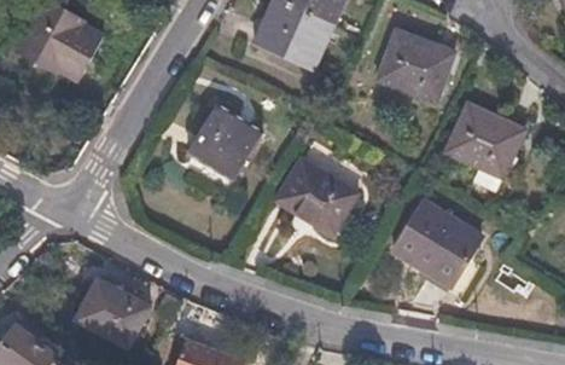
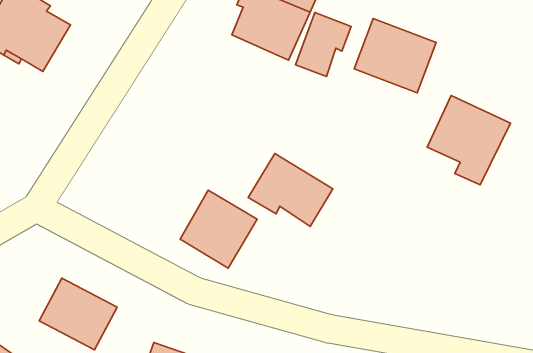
building: none -> [295,13,351,77]
building: [188,104,262,179] -> [180,190,257,268]
building: [394,201,482,285] -> none

